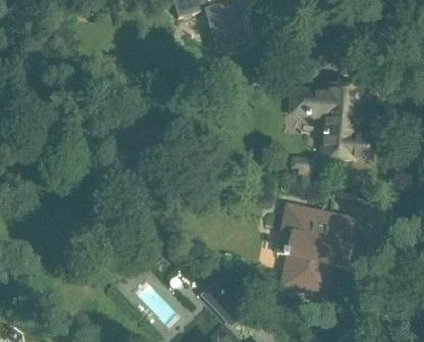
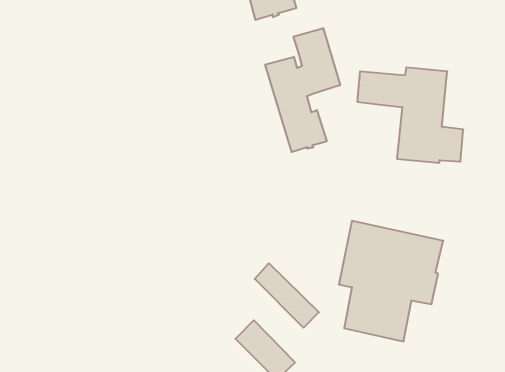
building: none -> [265,28,340,152]
building: none -> [255,263,319,328]

